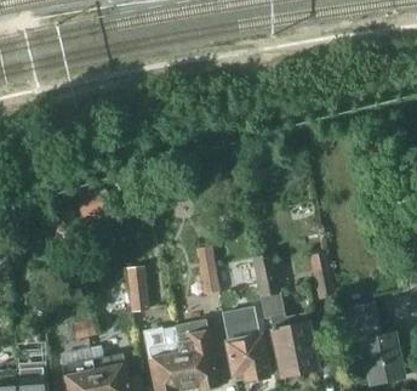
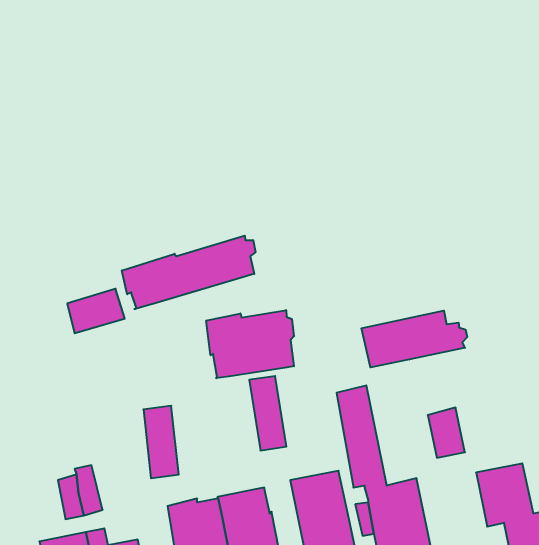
building: none -> [122,236,256,309]
building: none -> [206,310,294,378]
building: none -> [361,311,467,367]

